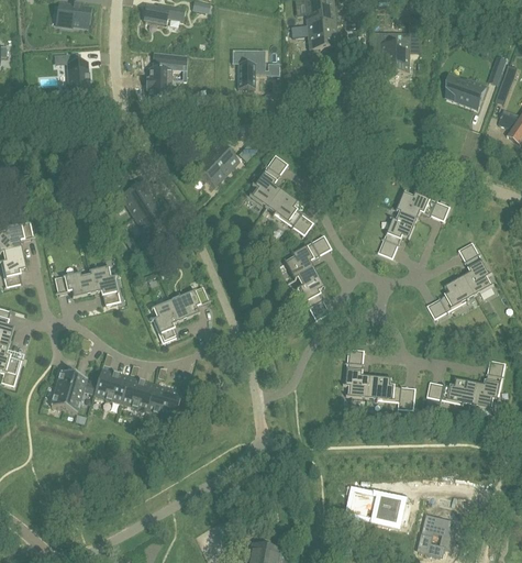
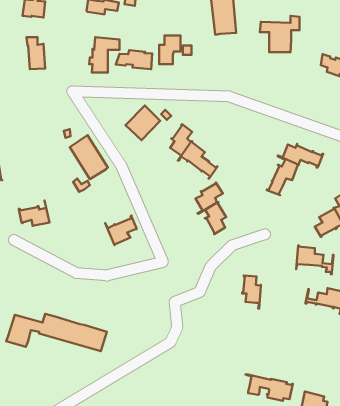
building: none -> [116,50,152,69]
building: [87,264,121,303] -> none
building: [149,294,178,342] -> none
building: [49,369,180,418] -> [6,314,107,351]
building: [366,374,414,411] -> [296,246,334,274]

